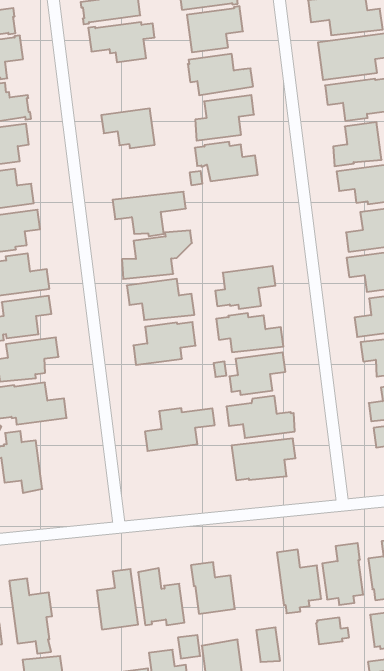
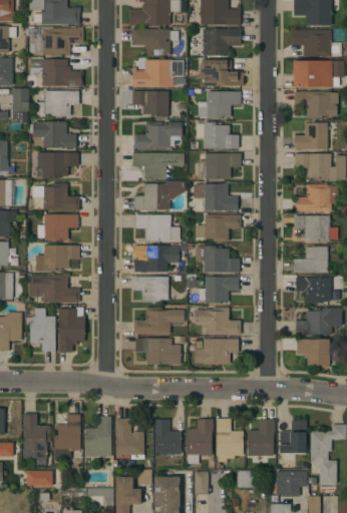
building: none -> [131,59,184,87]
building: none -> [133,121,182,149]
building: none -> [198,153,241,179]
building: none -> [193,183,237,210]
building: none -> [132,277,175,303]
building: none -> [58,307,84,352]
building: none -> [134,338,181,364]
building: none -> [185,419,213,464]
building: none -> [53,414,80,459]

